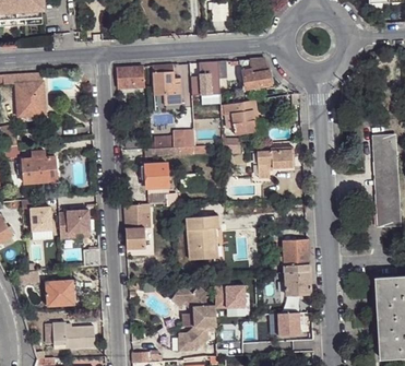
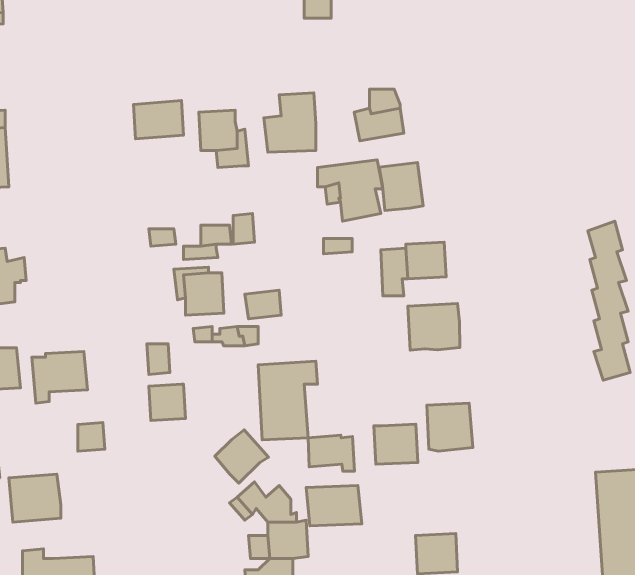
building: none -> [379,162,423,211]
building: none -> [408,304,460,350]
building: none -> [215,430,268,483]
building: none -> [308,435,355,471]
building: [285,272,310,295] -> [374,424,418,464]

